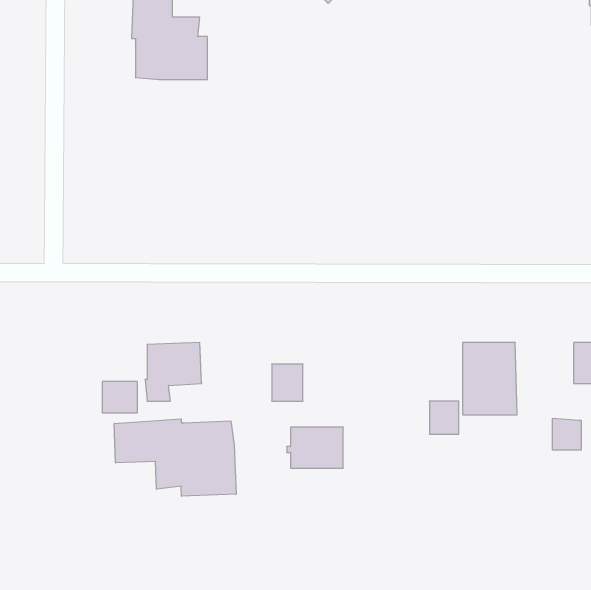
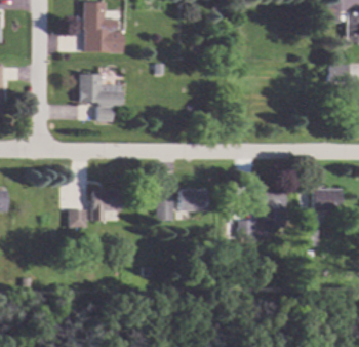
building: none -> [79,74,122,120]
building: [114,419,236,496] -> none
building: [287,427,343,468] -> [177,189,207,210]

